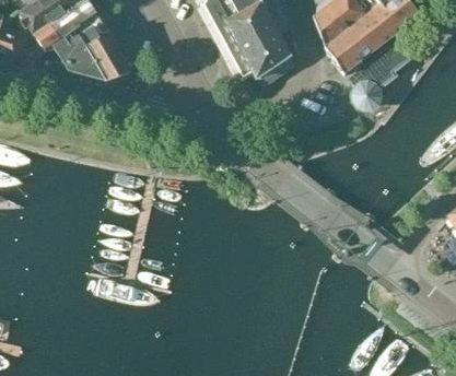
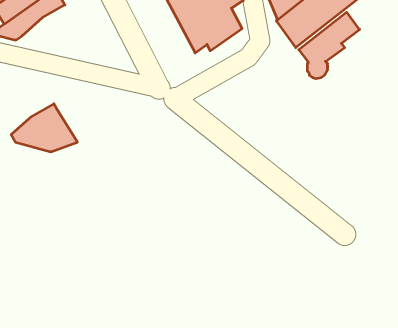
building: [65,31,132,80] -> [11,104,77,152]

